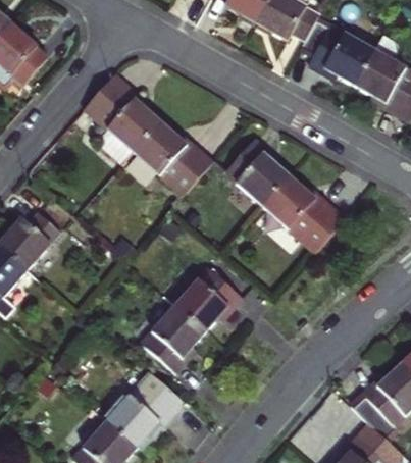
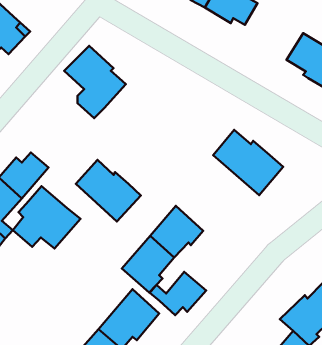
building: [302,21,376,89] -> none
building: [133,118,212,194] -> [76,160,141,221]
building: [227,137,292,205] -> none
building: none -> [13,186,81,249]
building: none -> [150,272,206,315]

